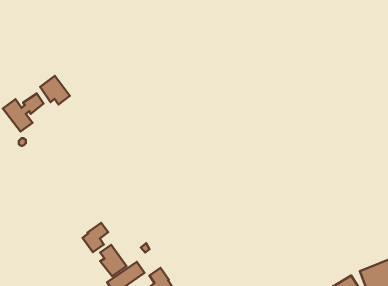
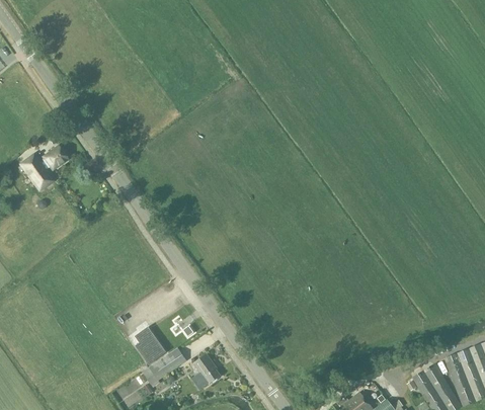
building: [40,76,70,104] -> none
building: [82,223,108,252] -> none

